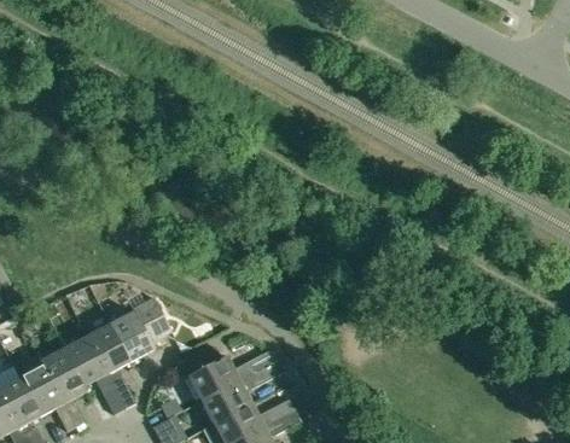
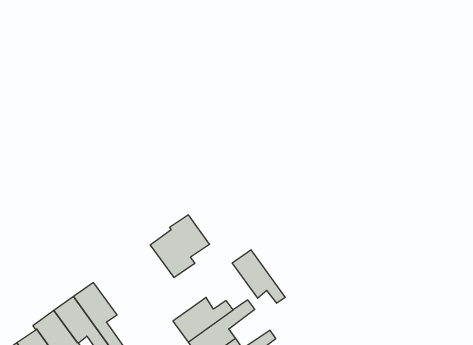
building: [109,297,171,361] -> [150,215,210,277]
building: none -> [232,250,285,303]

